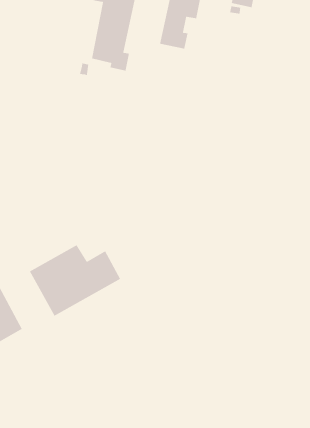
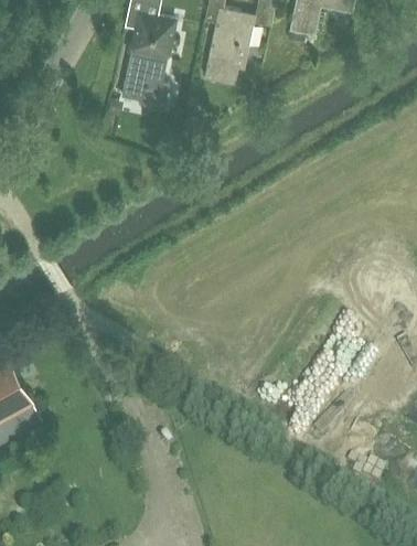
building: [29,244,121,317] -> none

